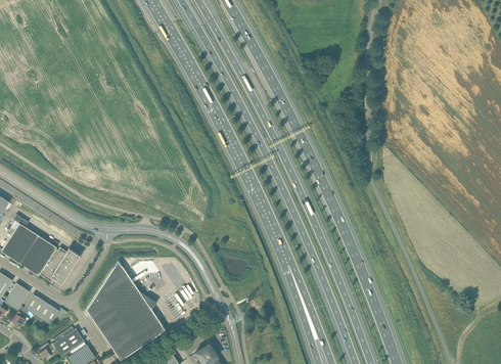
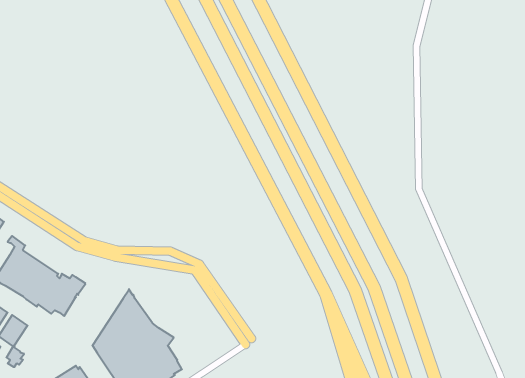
building: [24,293,67,324] -> none

